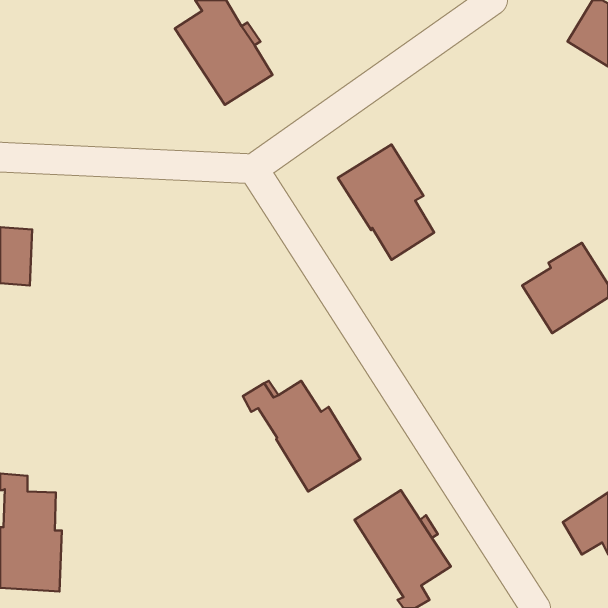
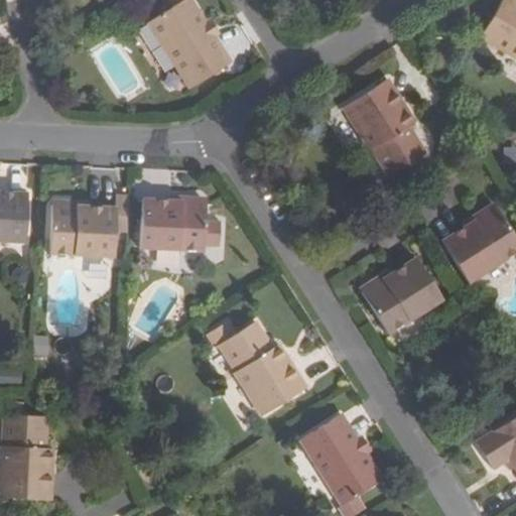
building: [338,145,434,260] -> [343,79,424,176]
building: none -> [140,198,221,251]
building: none -> [48,203,130,257]
building: none -> [360,259,440,334]

